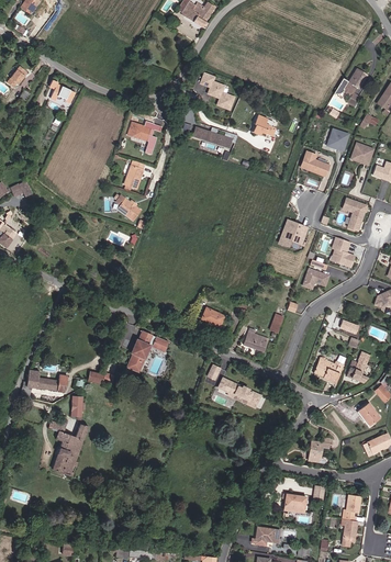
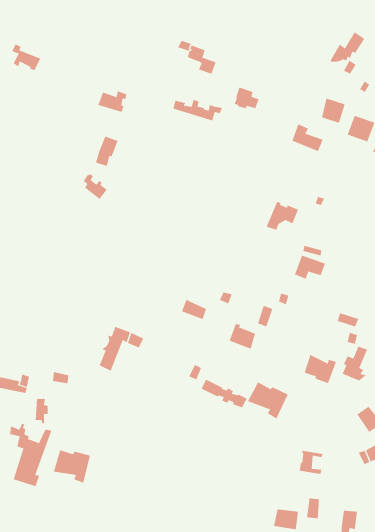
building: [344,198,369,232] -> none
building: [331,237,357,269] -> none
building: none -> [247,382,288,419]
building: none -> [53,449,90,483]

